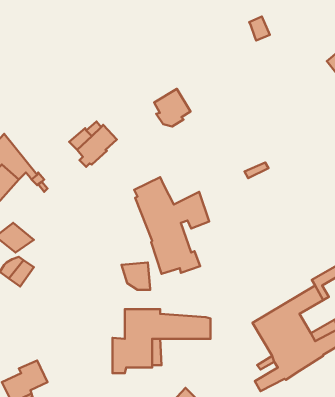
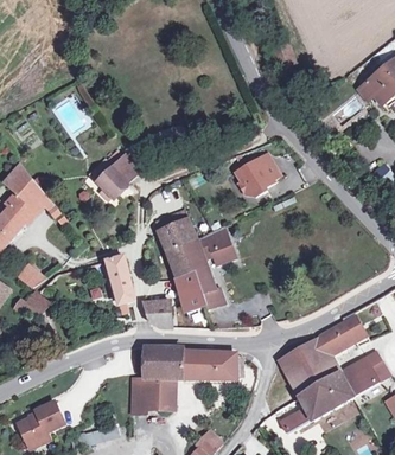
building: [154,89,190,126] -> [235,156,273,196]
building: none -> [107,256,133,305]

